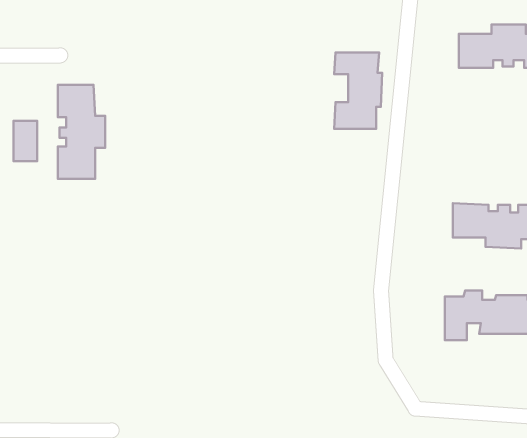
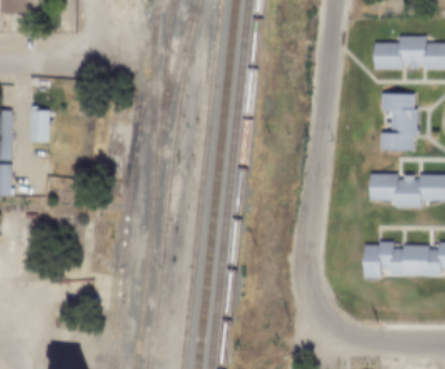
building: [334,52,382,129] -> [380,93,417,152]
building: [58,85,105,179] -> none

